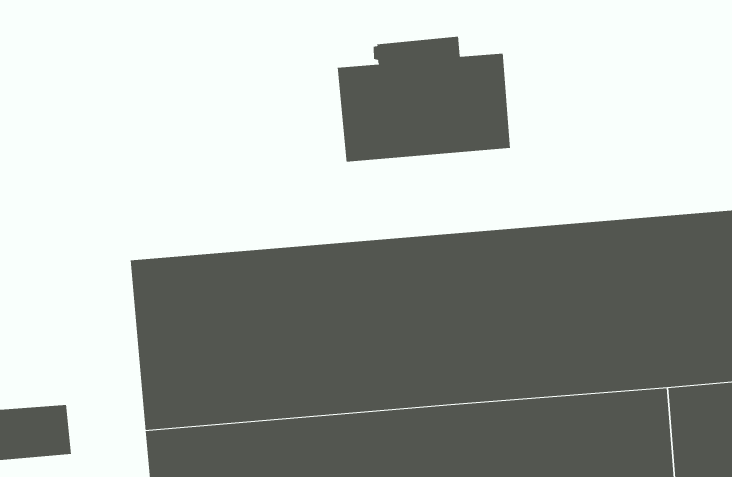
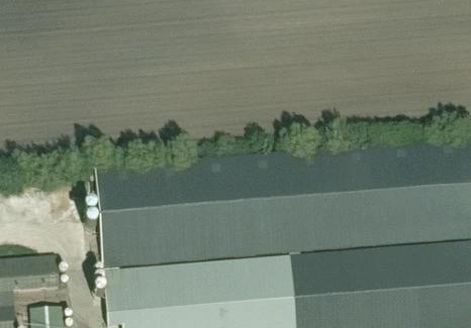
building: [337,36,511,163] -> none

